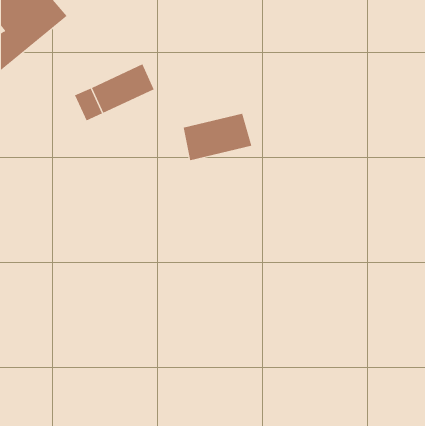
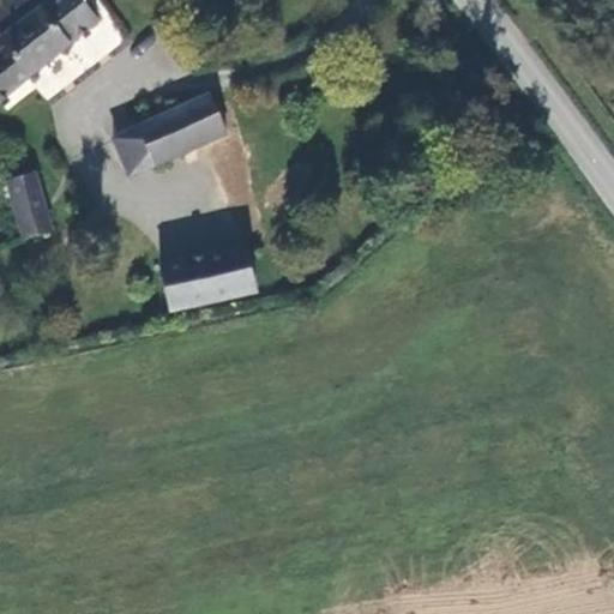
building: [183,113,252,161] -> [159,242,259,311]
building: none -> [11,176,49,241]

